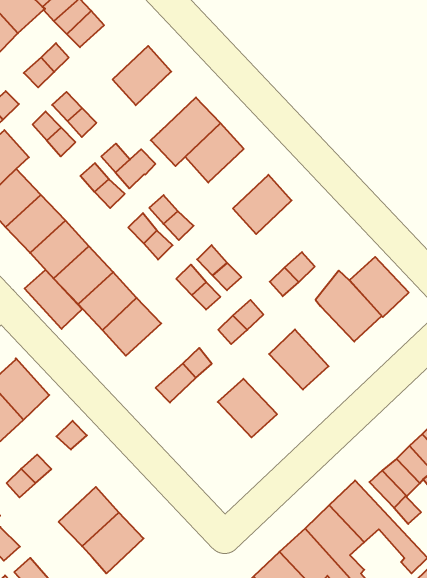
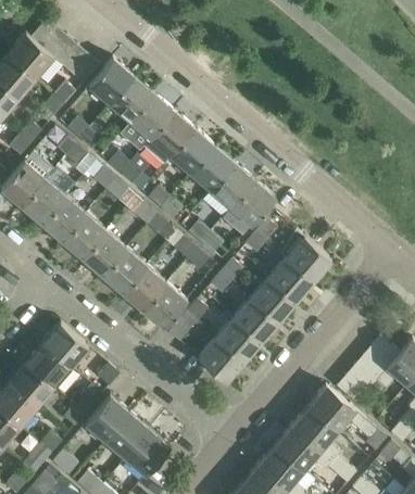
building: none -> [88,59,134,105]
building: none -> [129,94,174,140]
building: none -> [190,147,235,192]
building: none -> [230,181,275,227]
building: [349,257,409,317] -> [267,258,313,303]
building: [25,270,82,329] -> none
building: none -> [142,284,187,329]
building: none -> [232,299,278,343]
building: none -> [198,339,243,383]
building: none -> [85,395,130,442]

